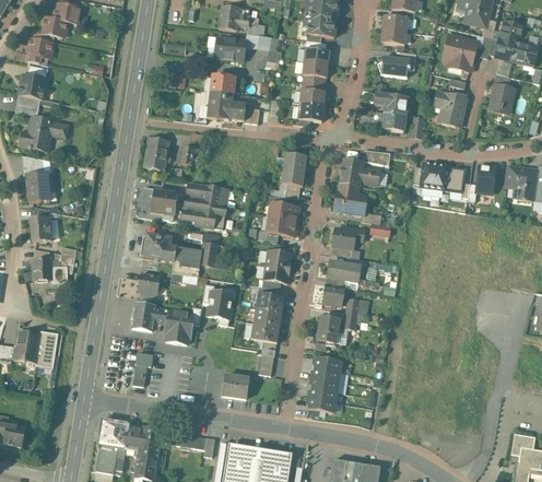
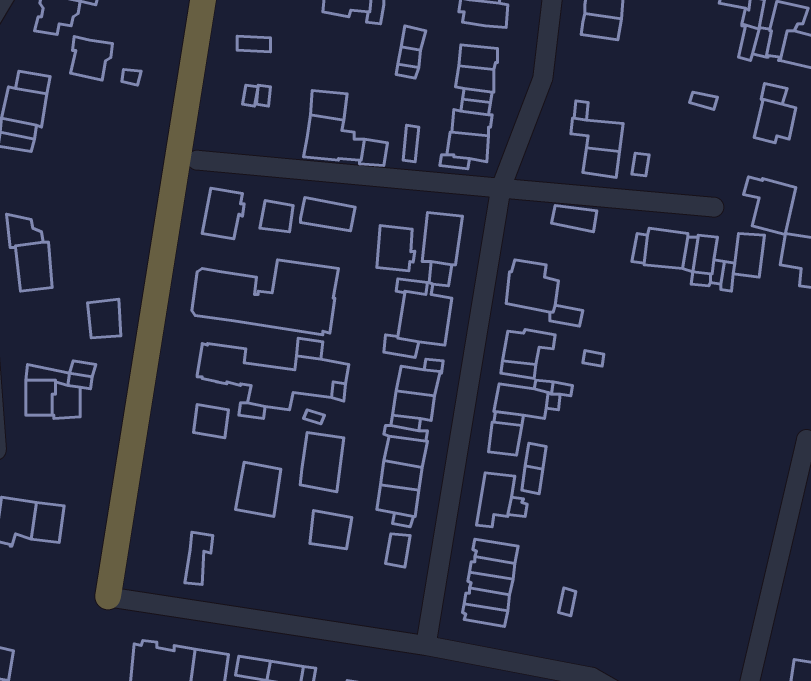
building: [445,34,478,71] -> none
building: [27,37,54,64] -> [71,37,113,80]
building: [215,37,246,60] -> none
building: [378,56,415,77] -> none
building: [434,91,467,127] -> [743,177,796,235]
building: [26,118,69,151] -> none
building: none -> [300,198,355,231]
building: [340,158,380,186] -> none
building: none -> [377,226,415,271]
building: [31,216,51,240] -> [88,299,121,338]
building: [133,304,168,330] -> none
building: [223,374,249,398] -> [310,510,352,549]

